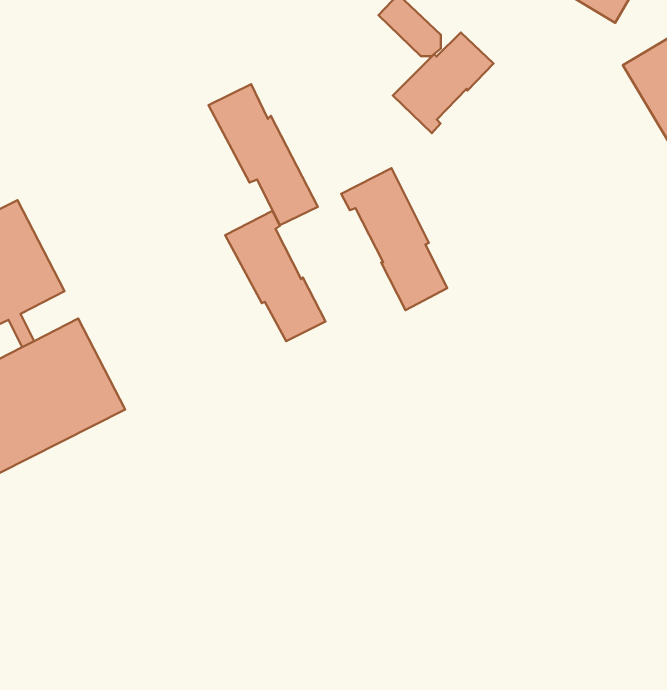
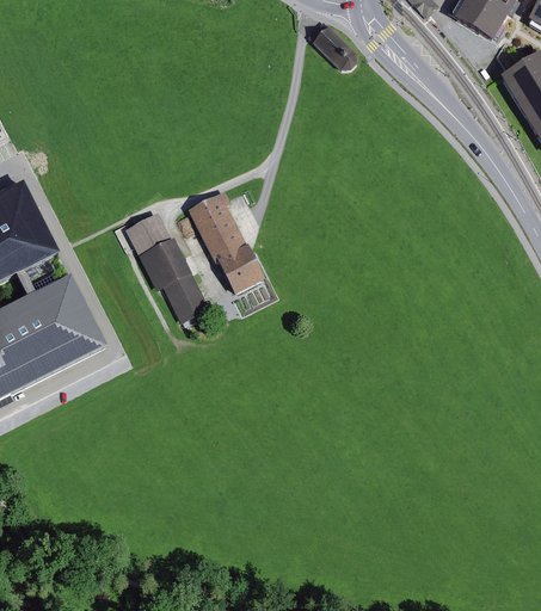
building: [393,33,494,133] -> none
building: [209,84,318,225] -> [124,211,210,322]
building: [341,168,447,310] -> none

